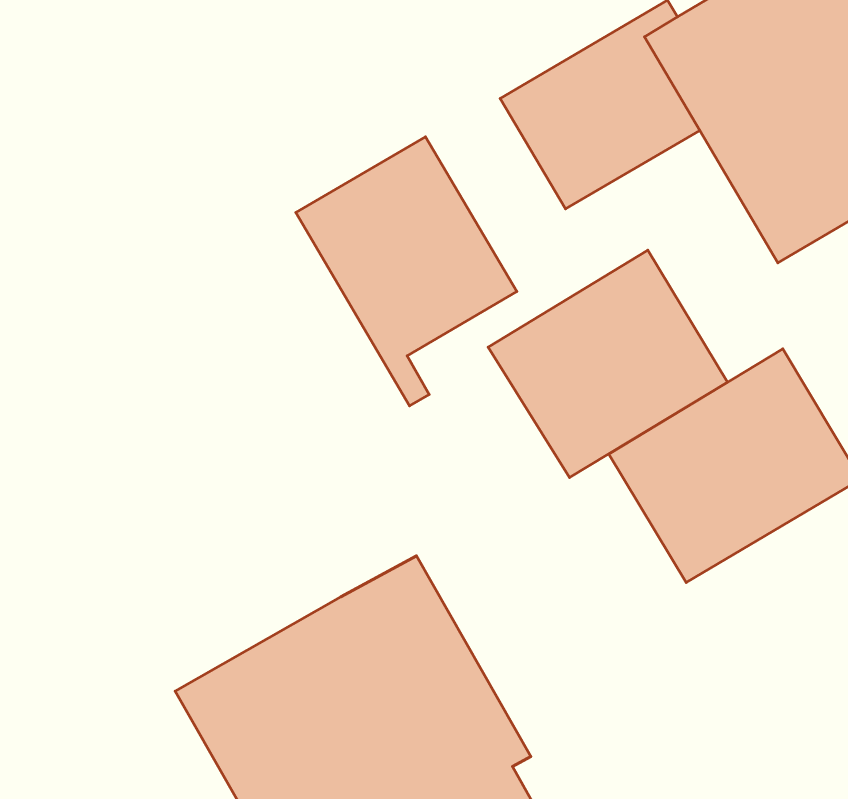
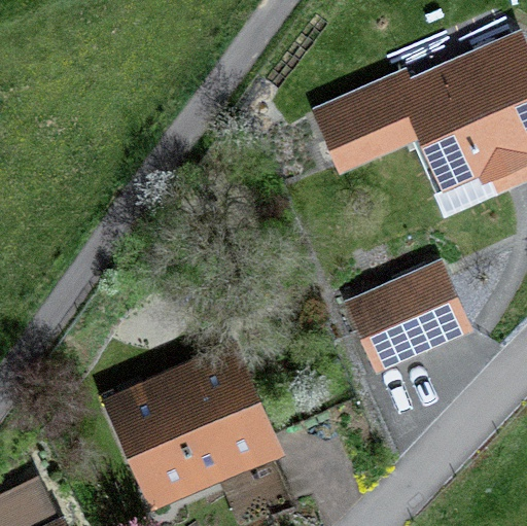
building: [296,137,517,406] -> none
building: [488,250,728,478] -> none

